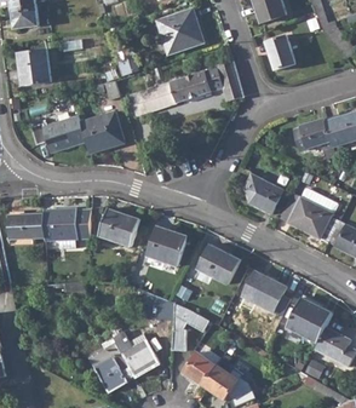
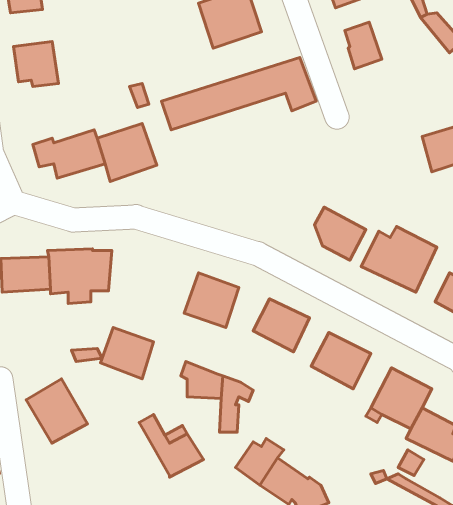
building: [292,119,334,157] -> none
building: [98,207,138,246] -> [100,327,153,379]
building: [88,343,134,391] -> [26,379,87,443]

